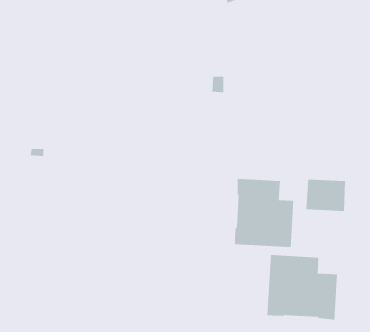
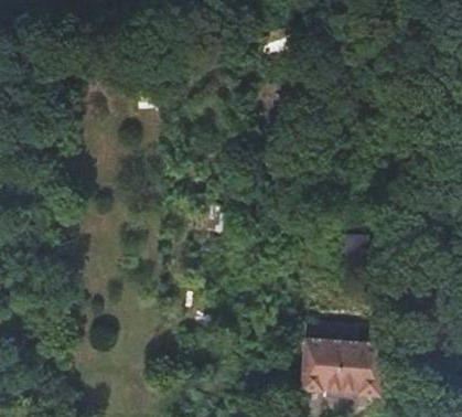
building: [234,178,294,248] -> none

